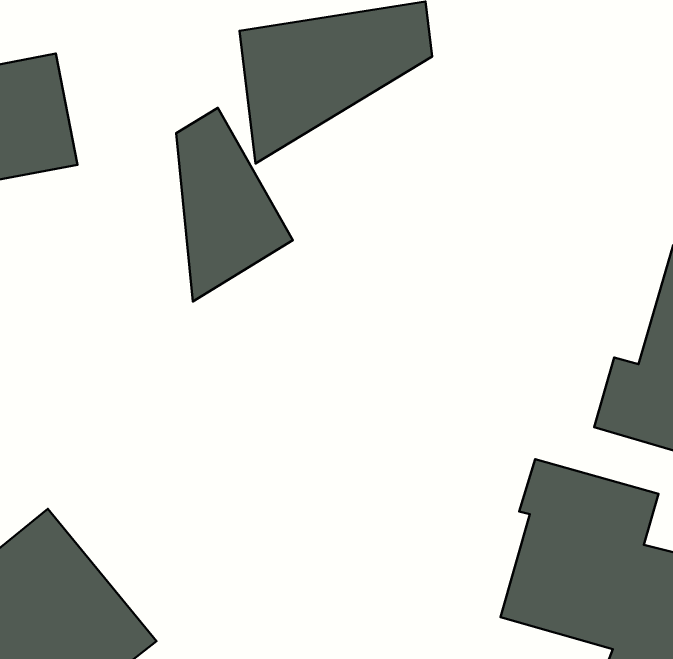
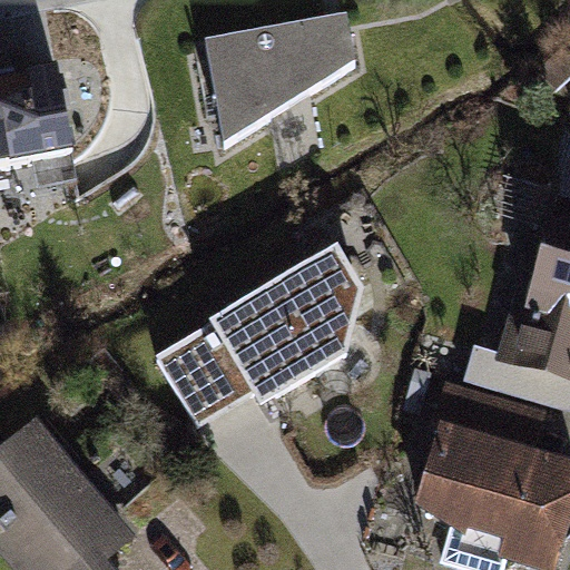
building: [176,108,293,301] -> none
building: none -> [159,262,364,430]

